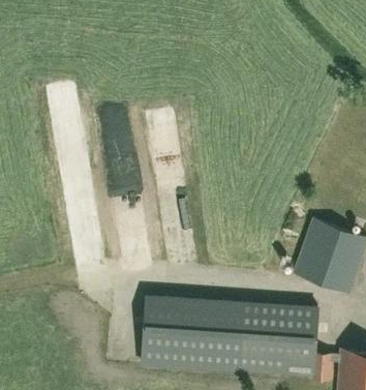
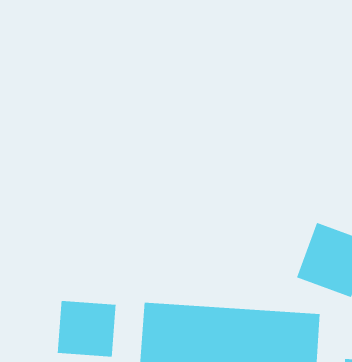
building: none -> [57,300,116,358]

